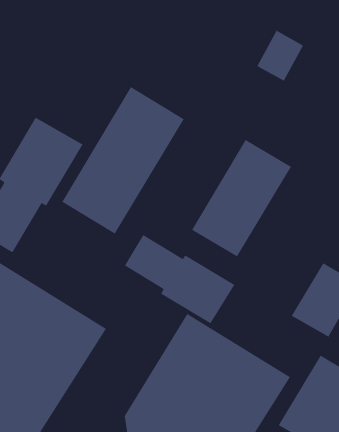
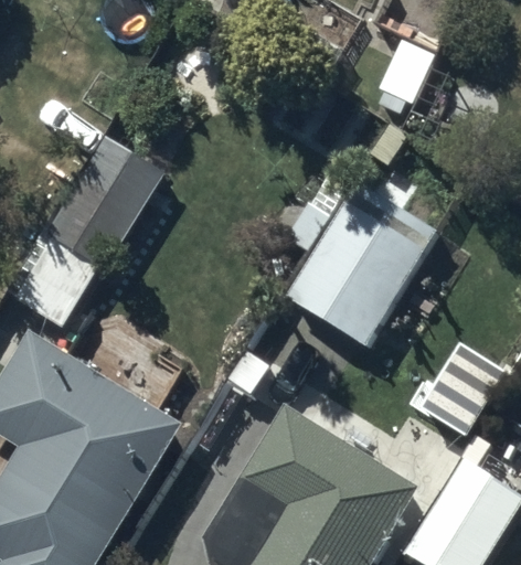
building: [62,86,184,235] -> none
building: [124,234,235,324] -> none

